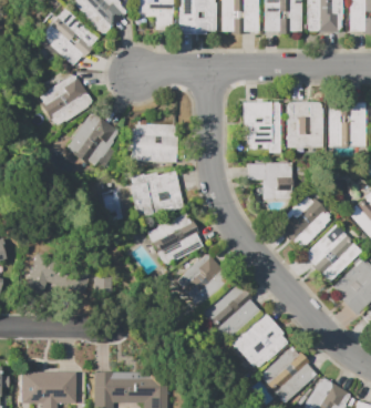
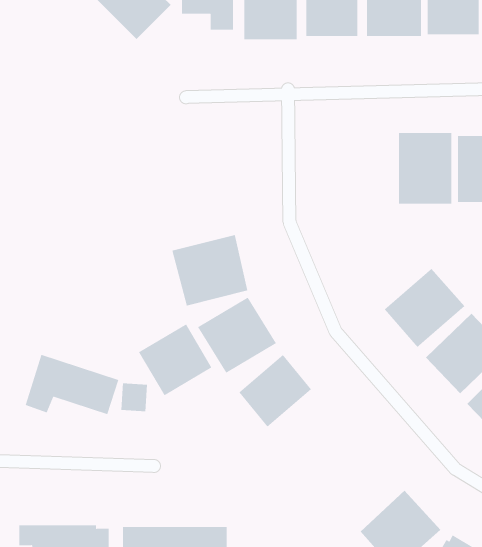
building: [43,12,95,64] -> none
building: [37,73,93,128] -> none
building: [244,101,282,147] -> none
building: [66,112,121,169] -> none
building: [130,120,183,162] -> none
building: [250,163,295,203] -> none
building: none -> [138,323,212,396]
building: [204,283,258,336] -> none
building: [235,317,288,368] -> none

